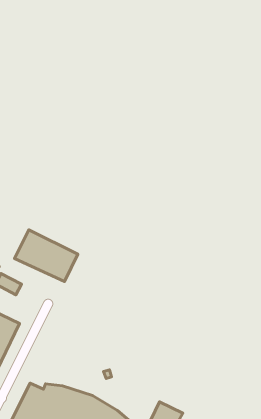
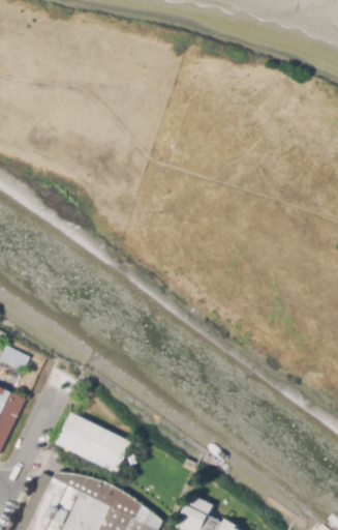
building: [15,230,78,282] -> [58,413,131,473]

